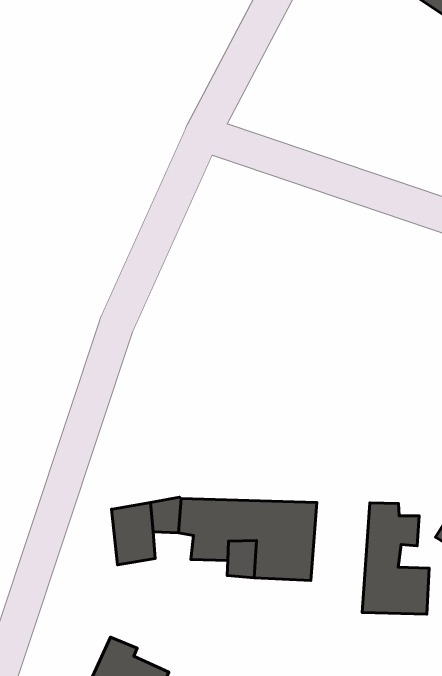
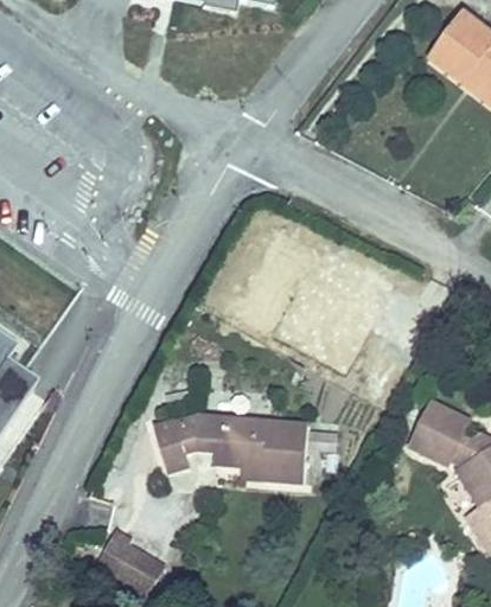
building: [362,503,429,614] -> none

